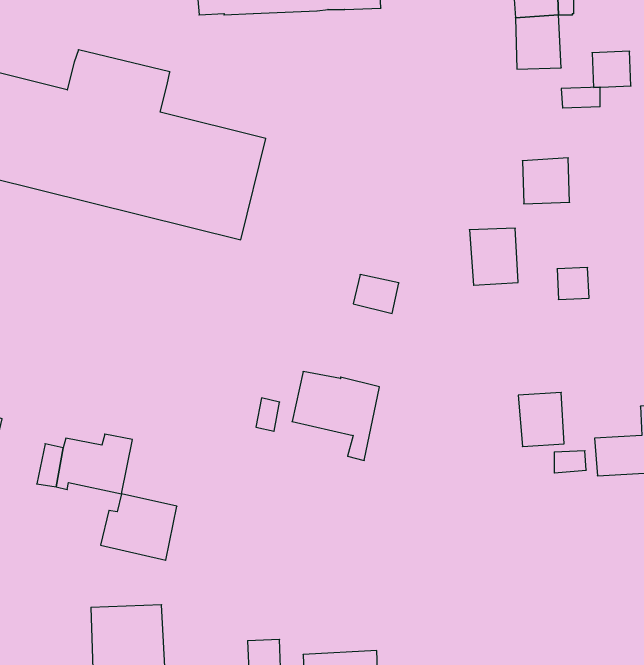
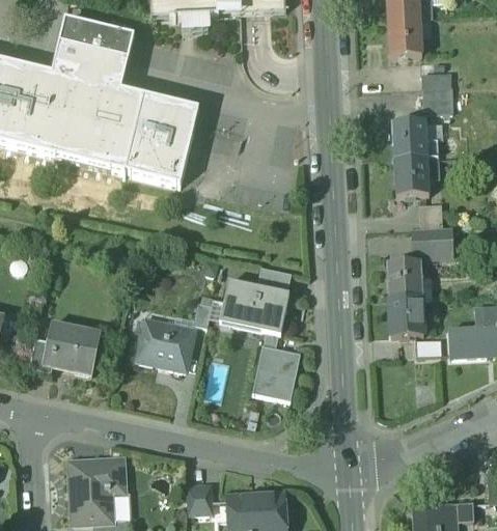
building: none -> [60,19,134,58]
building: [592,51,631,87] -> [422,84,451,111]
building: [469,228,518,285] -> [393,156,430,198]
building: [353,275,399,313] -> [256,264,291,294]
building: none -> [412,227,450,258]
building: none -> [387,262,421,300]
building: none -> [251,345,298,399]
building: [101,494,177,560] -> [136,320,193,370]

